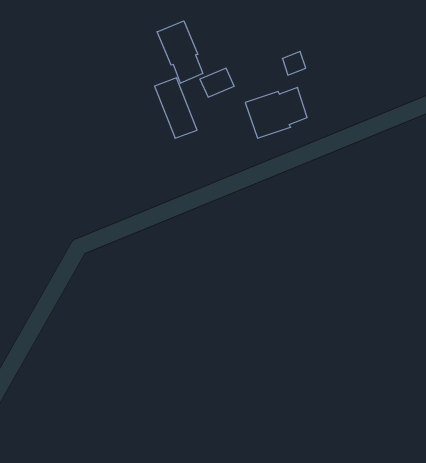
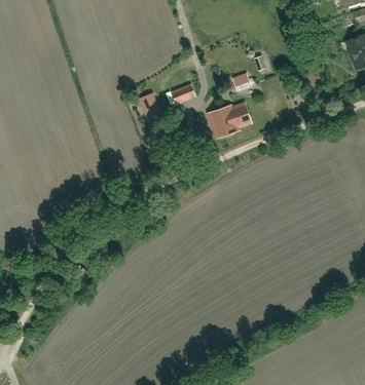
building: [157,21,203,83] -> none

